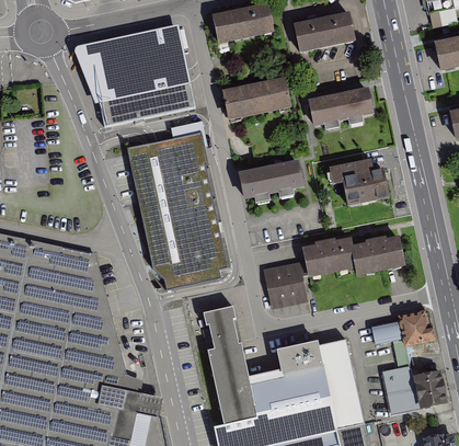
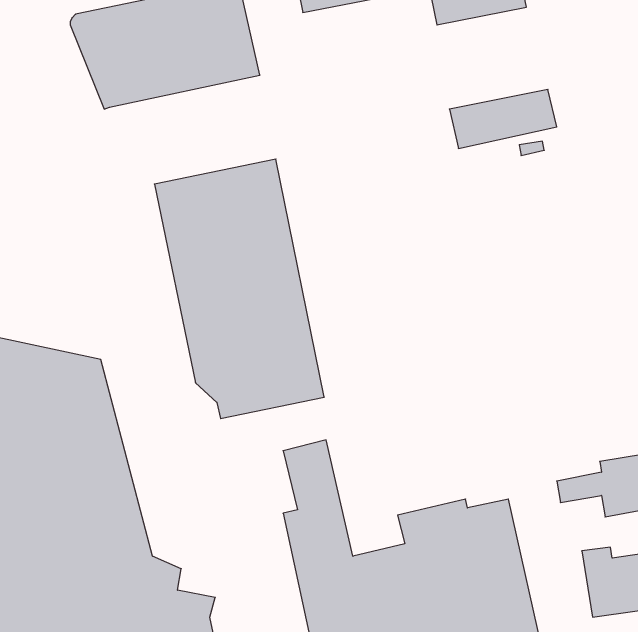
building: [220,77,290,117] -> none
building: [99,80,196,126] -> none
building: [239,160,302,197] -> none
building: [331,160,388,203] -> none
building: [265,236,406,306] -> none

